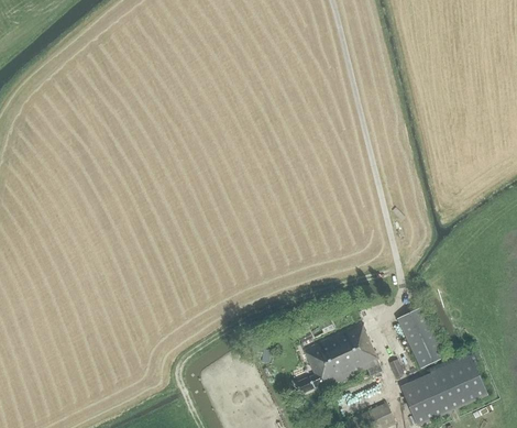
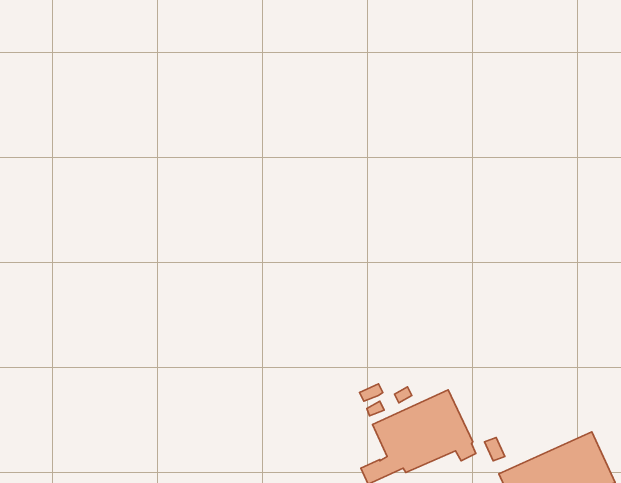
building: [396,306,443,366] -> none

